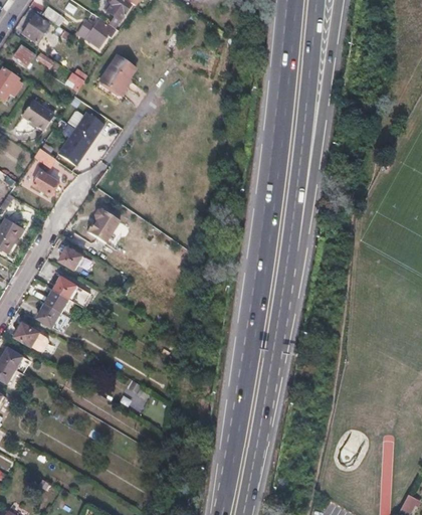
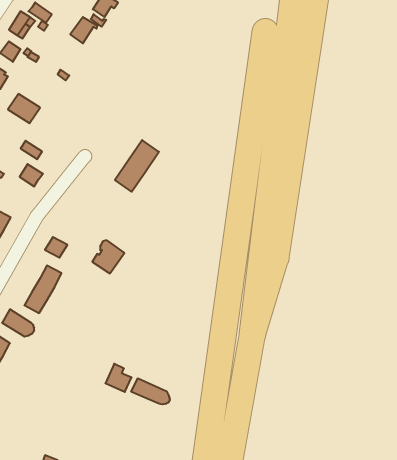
building: [98,55,134,95] -> none
building: [57,112,102,165] -> [115,140,159,192]
building: [86,209,120,243] -> [92,240,124,273]
building: none -> [131,378,170,404]

